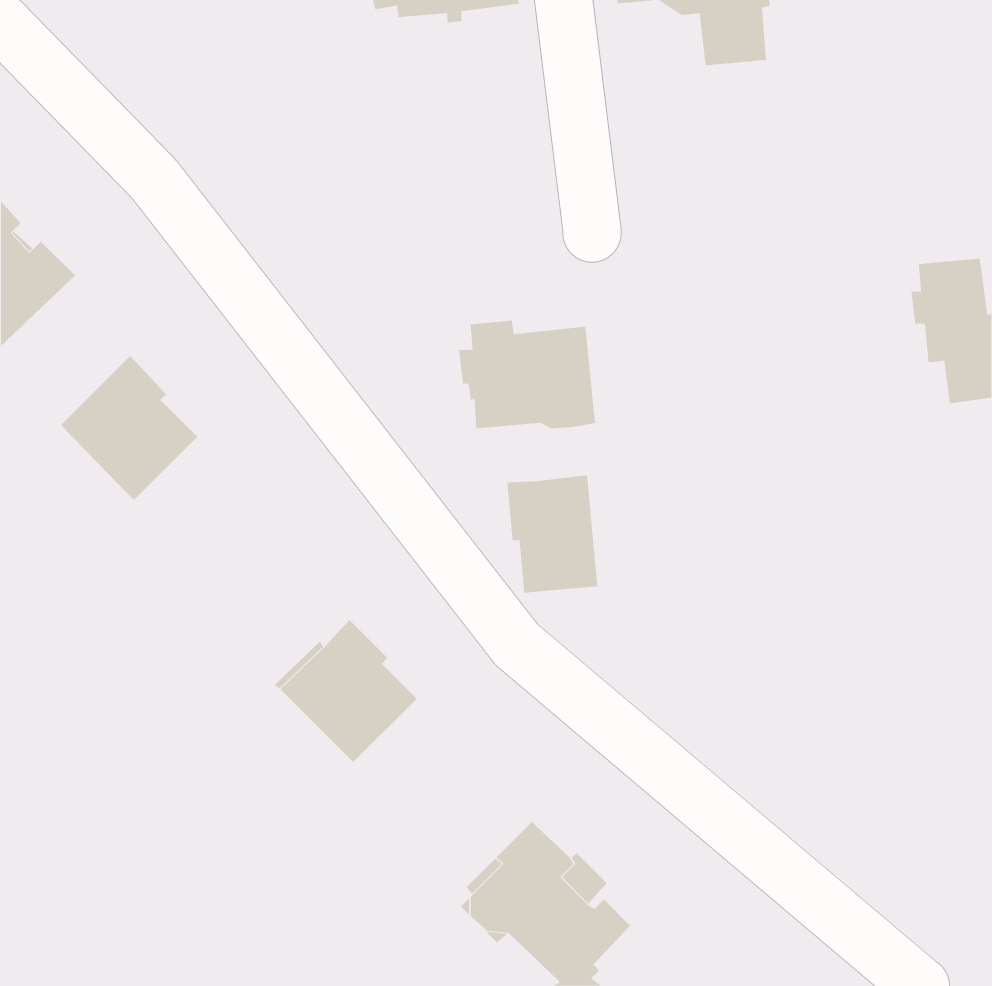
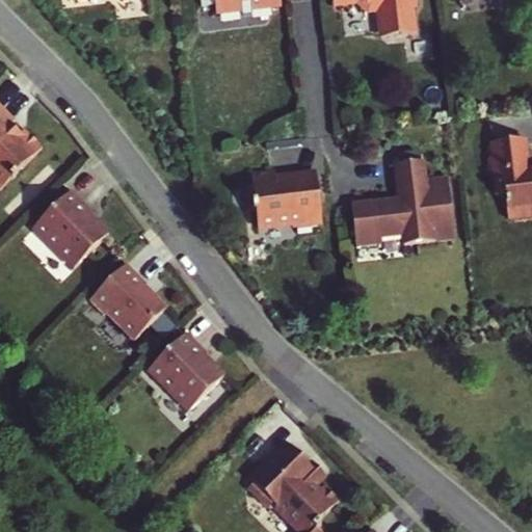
building: none -> [348,160,452,245]
building: [507,475,598,594] -> none
building: none -> [91,262,167,338]

